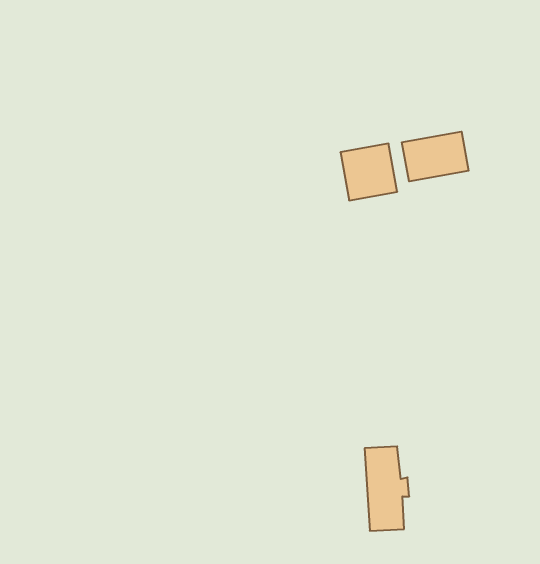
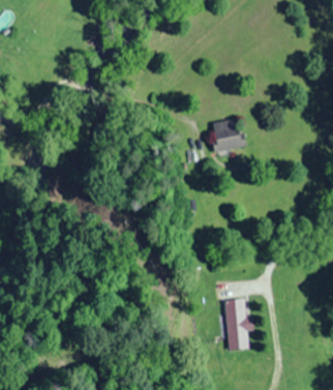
building: [402,132,469,181] -> none

